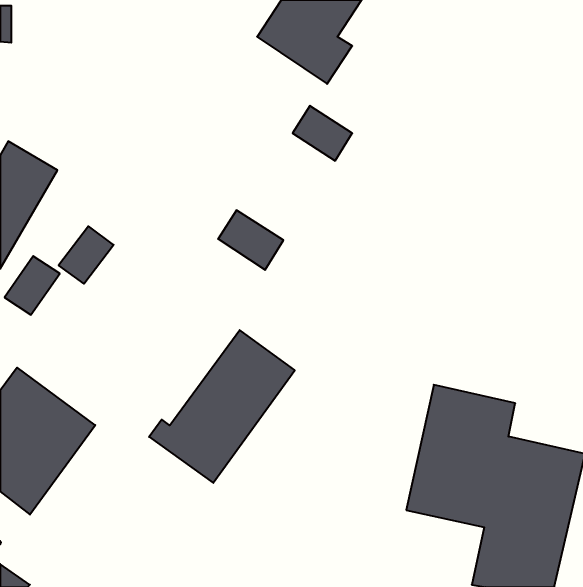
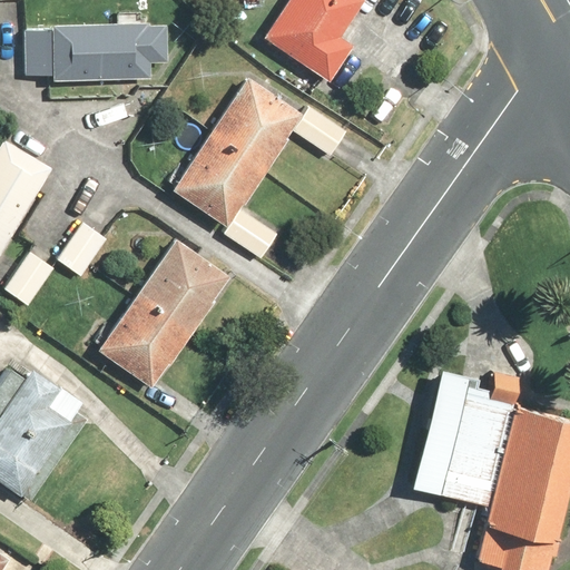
building: none -> [16,20,160,80]
building: none -> [161,72,292,220]
building: [149,330,295,483] -> [96,237,237,385]

